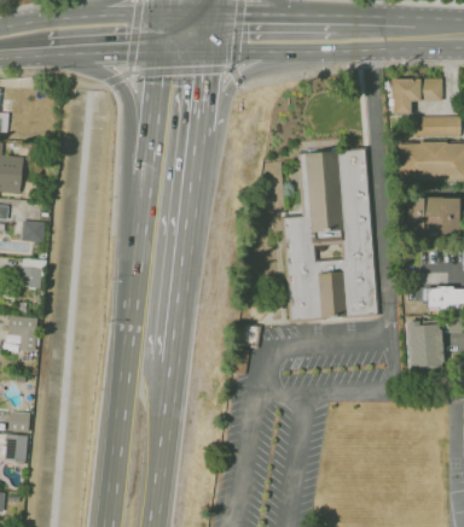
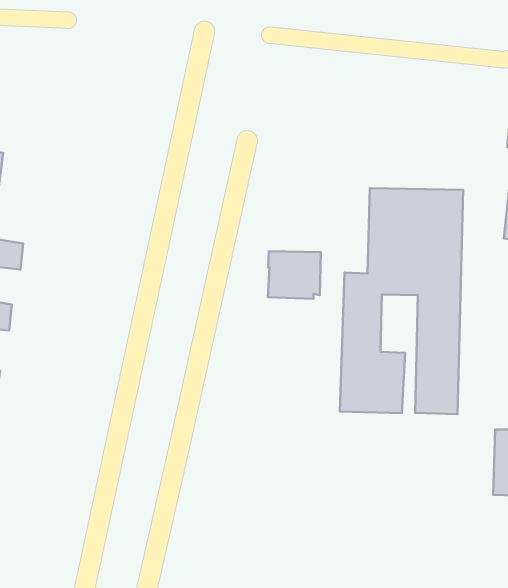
building: none -> [268,251,321,299]

